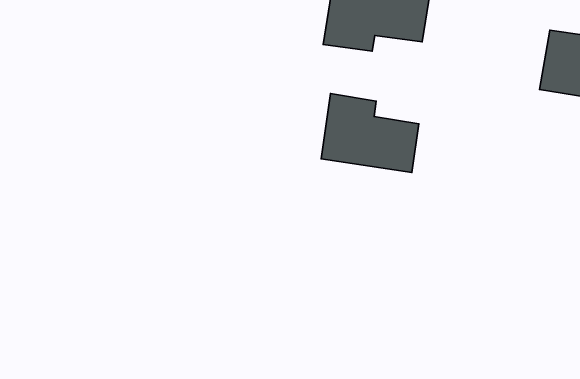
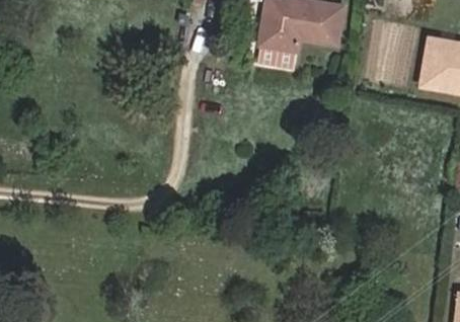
building: [321,93,419,172] -> none

